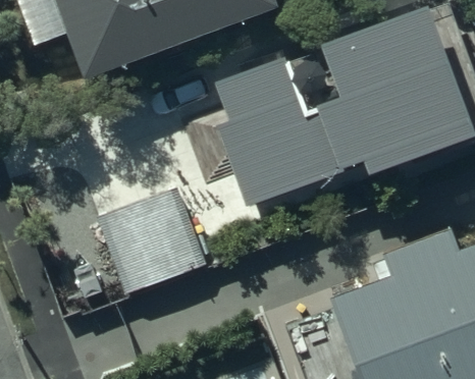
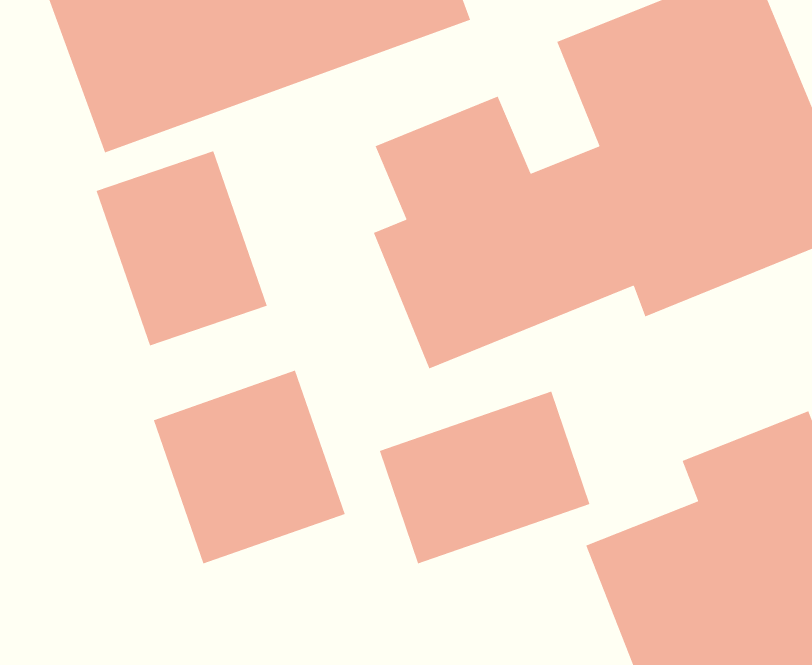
building: none -> [95,150,268,347]
building: none -> [379,390,591,565]

